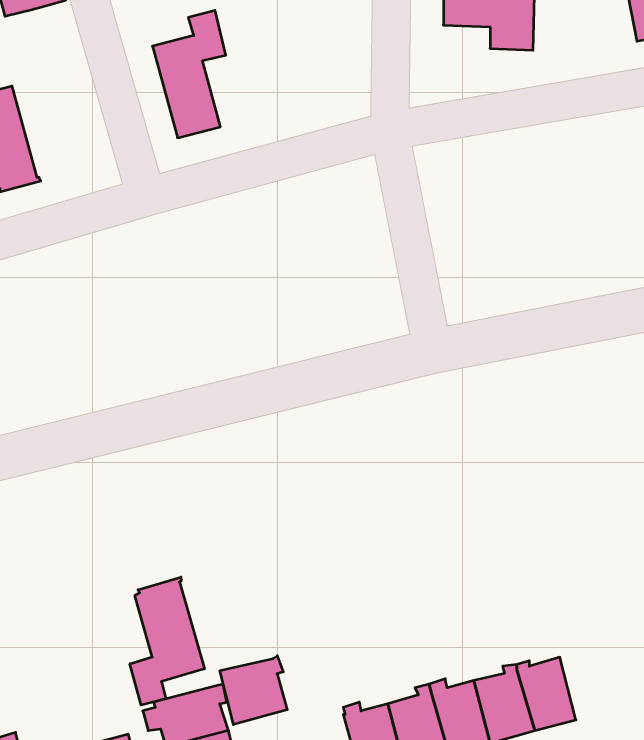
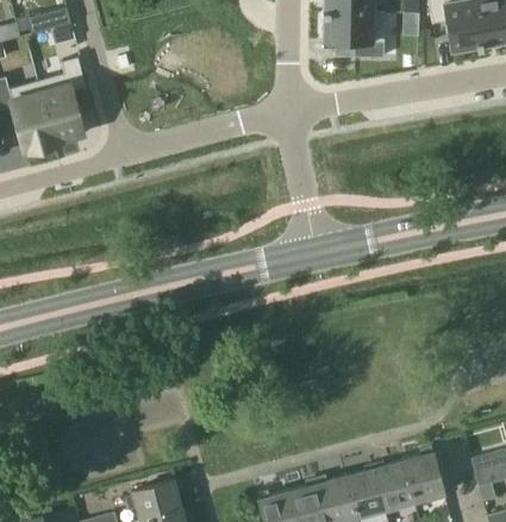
building: [152,10,226,138] -> [37,58,86,143]
building: [130,577,204,705] -> none
building: none -> [401,451,444,503]
building: [220,656,287,725] -> none

